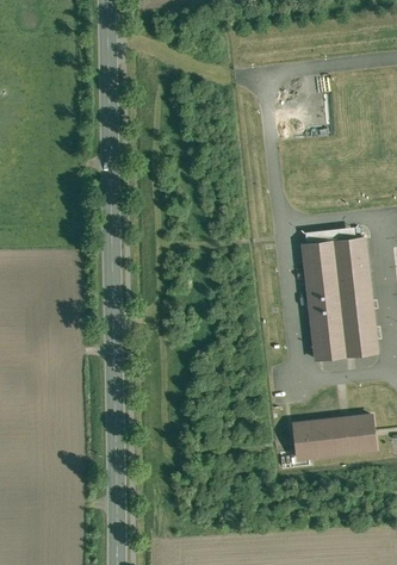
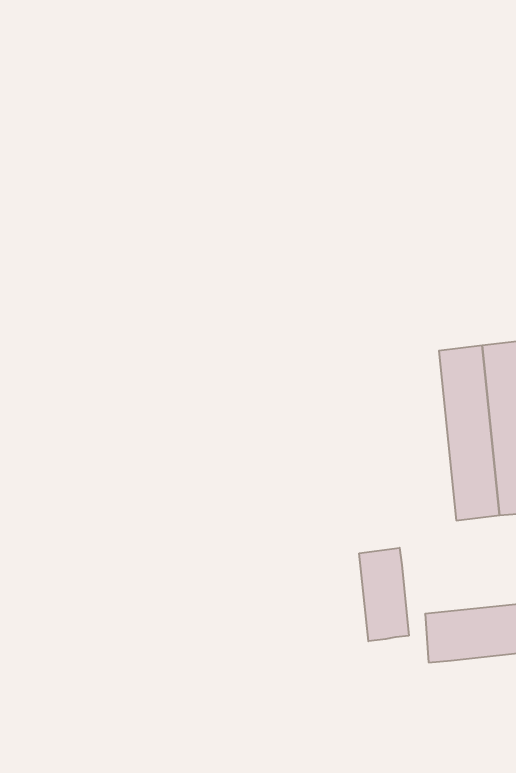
building: none -> [359,548,409,641]

